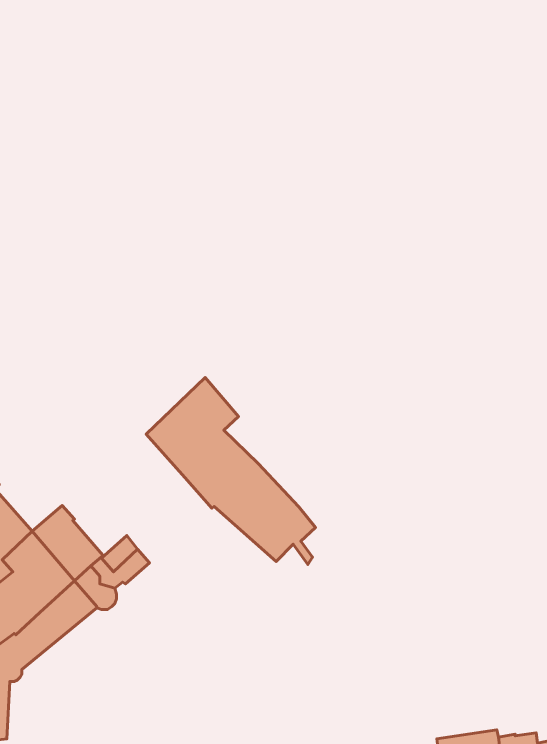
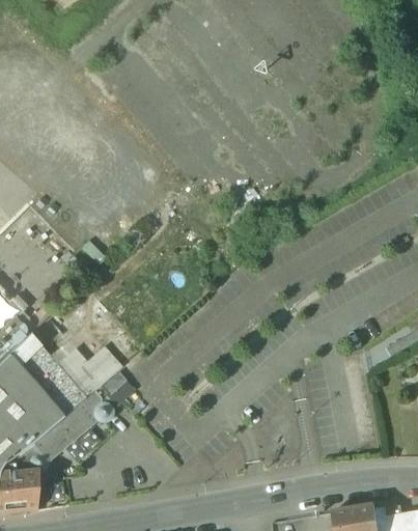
building: [146,377,316,564] -> none
building: none -> [85,346,120,381]

